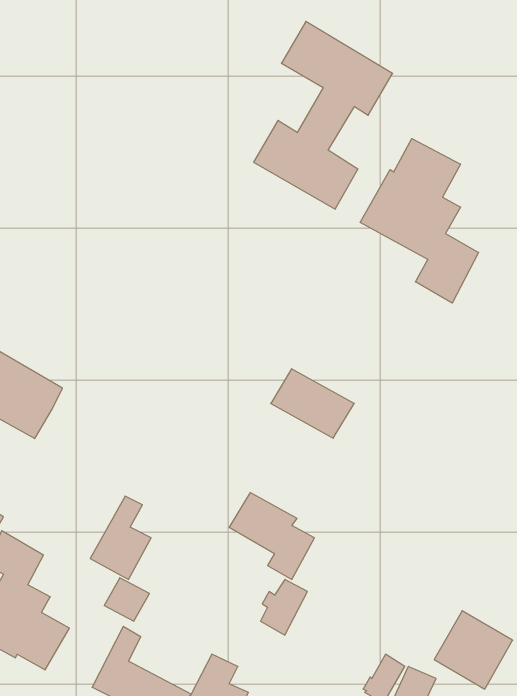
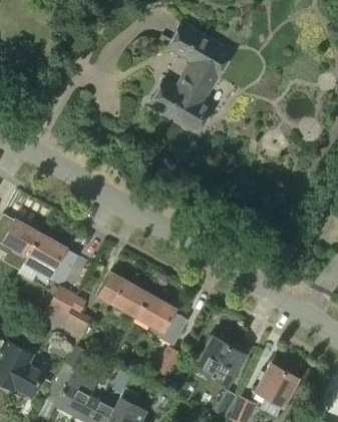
building: [360,139,479,303] -> none
building: [271,369,354,438] -> [100,275,148,315]
building: none -> [24,235,78,283]
building: none -> [40,288,76,333]
building: none -> [196,337,247,385]

